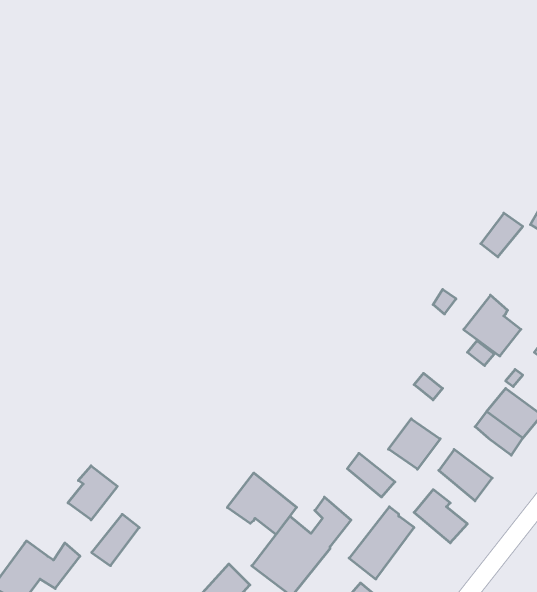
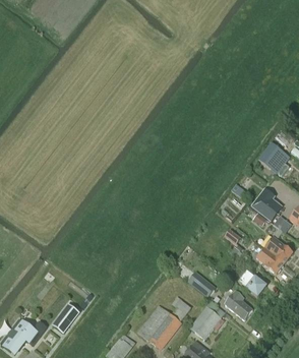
building: [388,419,440,469] -> none
building: [68,466,117,520] -> none
building: [227,473,297,534] -> none

